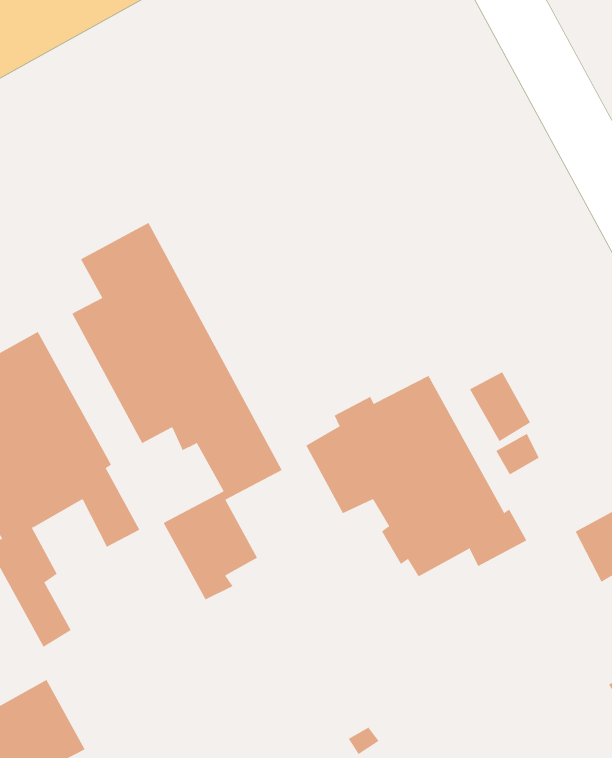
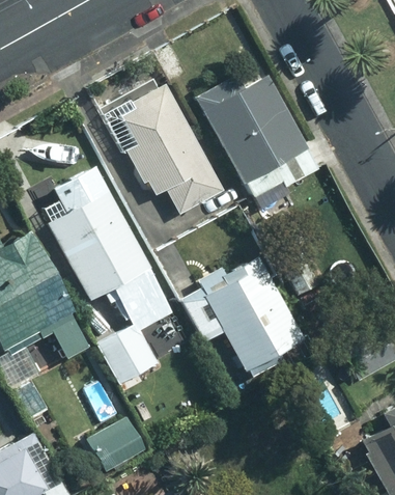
building: none -> [197,74,318,194]
building: none -> [107,83,223,212]
building: none -> [89,417,144,470]

